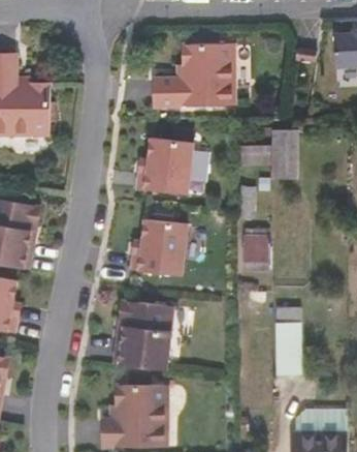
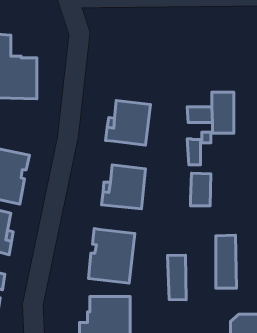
building: [154,43,234,107] -> none
building: none -> [168,255,186,300]

